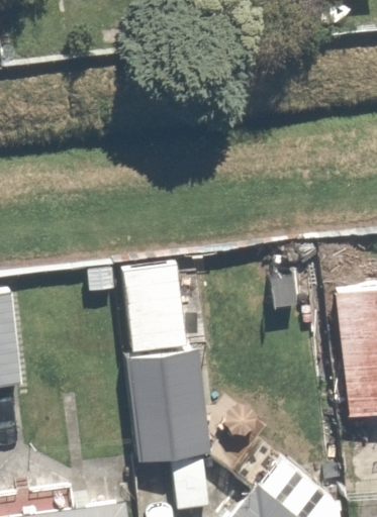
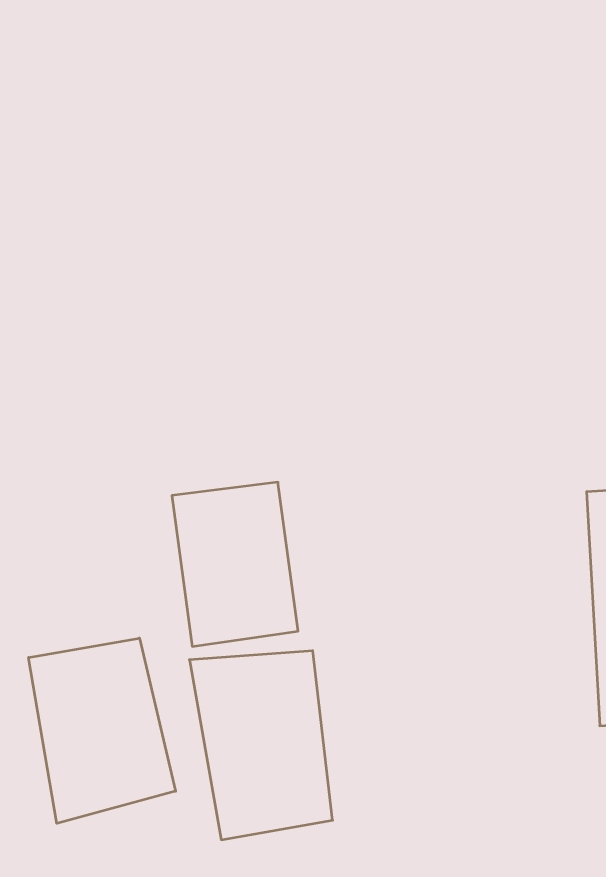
building: none -> [29,638,176,823]

